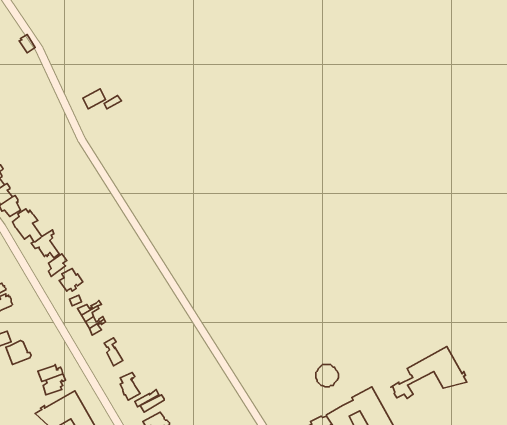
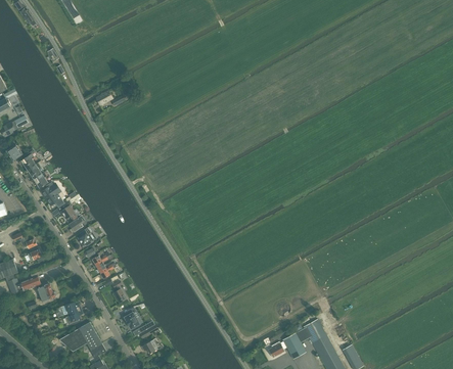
building: [391,346,467,399] -> none

